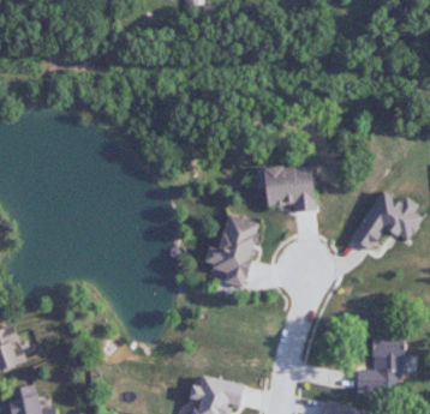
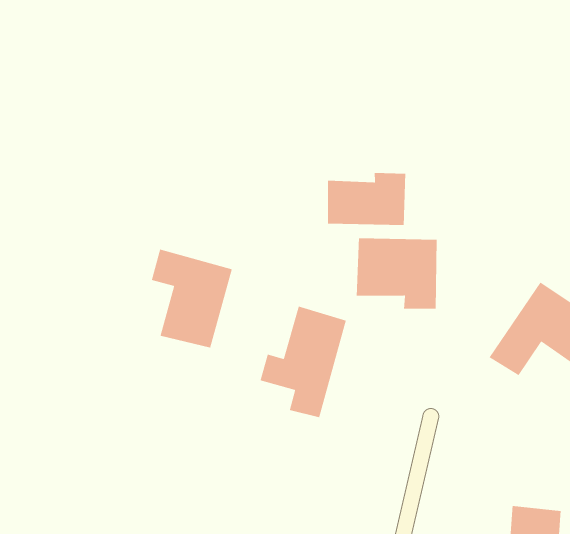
building: none -> [327,172,406,226]
building: none -> [151,249,233,348]

